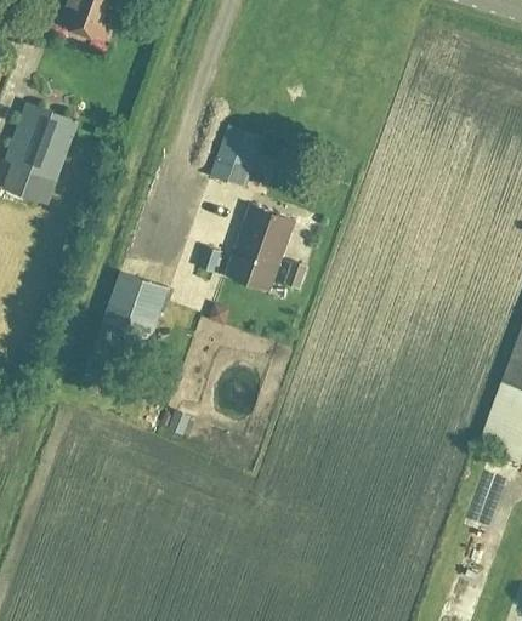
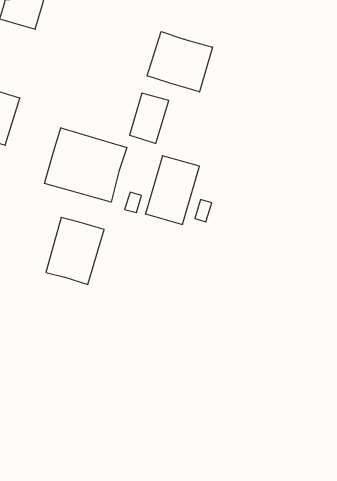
building: none -> [147,32,212,92]
building: none -> [45,128,127,202]

